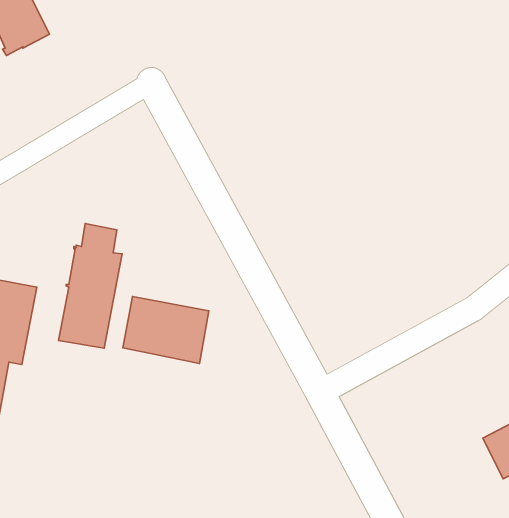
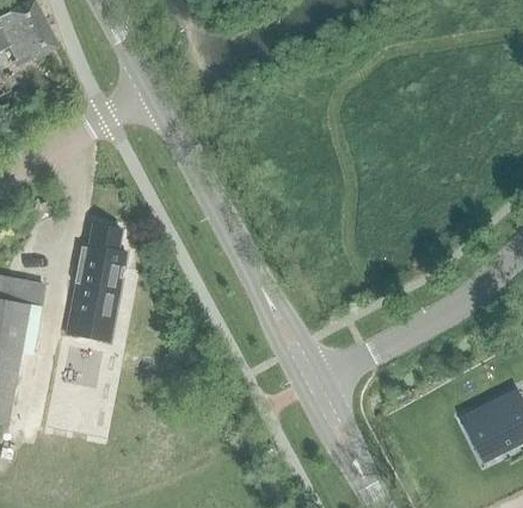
building: [123,297,209,364] -> none

